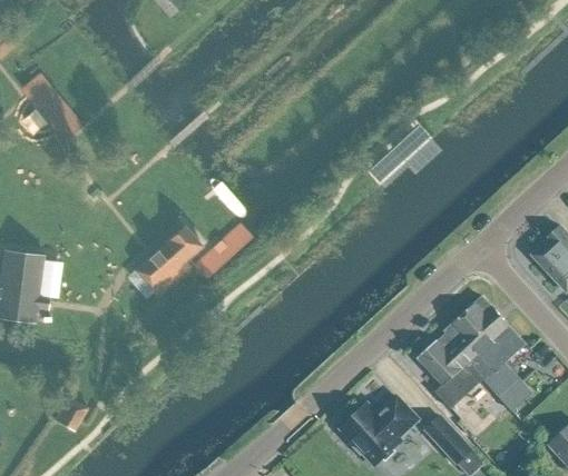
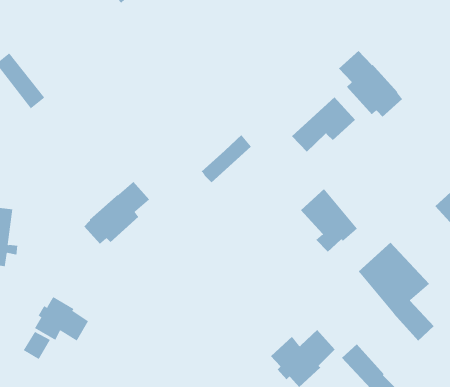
building: none -> [338,50,403,118]
building: [193,221,252,278] -> [201,134,252,183]
building: [418,331,484,406] -> [300,188,358,252]
building: none -> [34,296,89,341]

